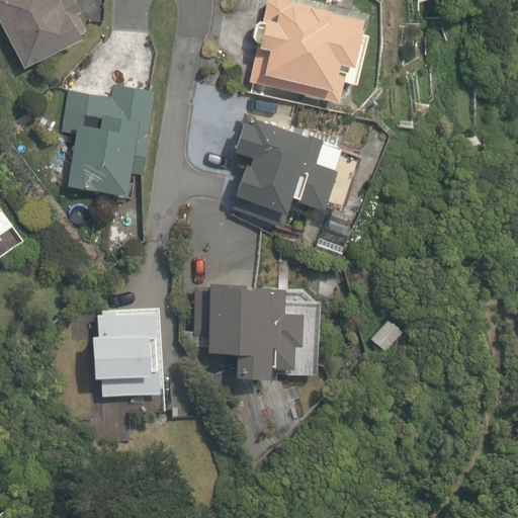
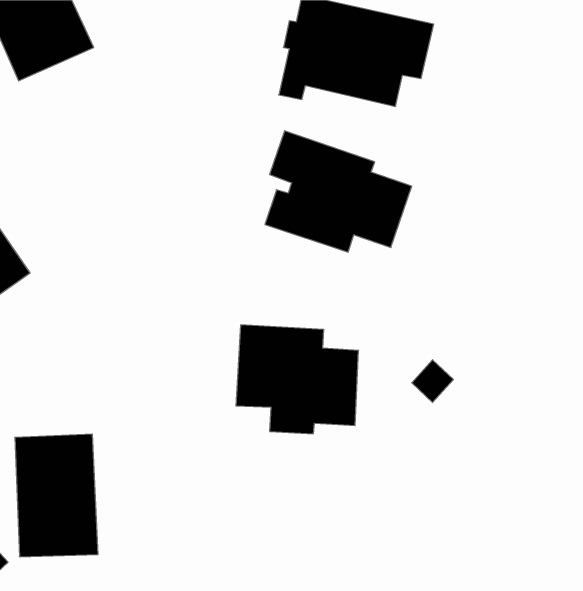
building: [63,83,154,199] -> none
building: [91,305,164,412] -> [15,434,98,557]

